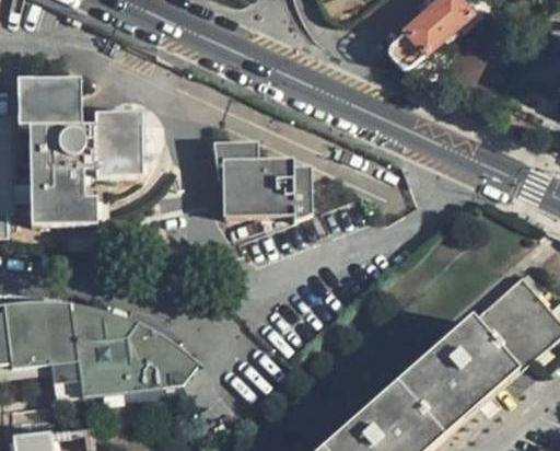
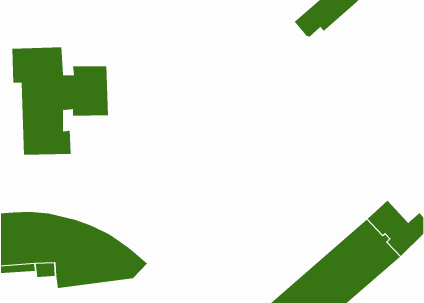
building: [211,136,308,219] -> none

